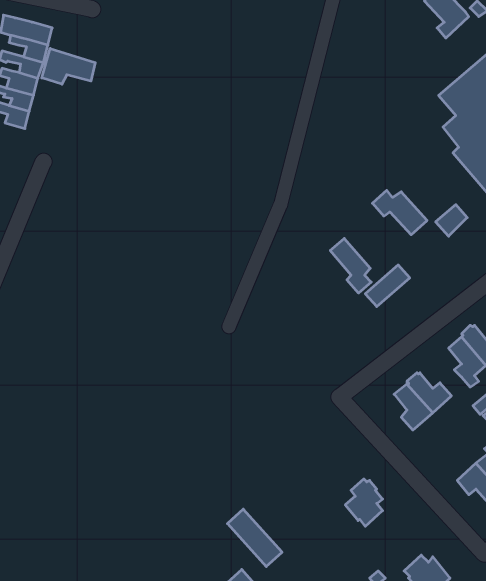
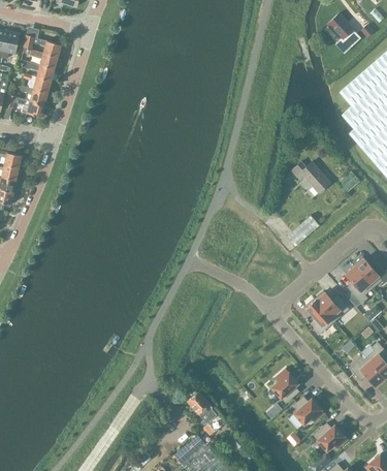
building: [42,48,95,84] -> none
building: [330,238,371,293] -> none
building: none -> [293,397,324,425]

